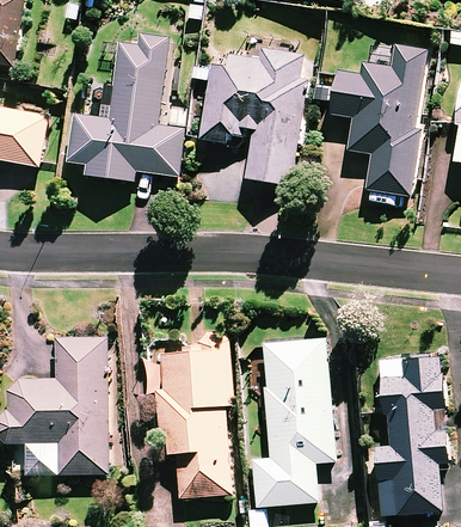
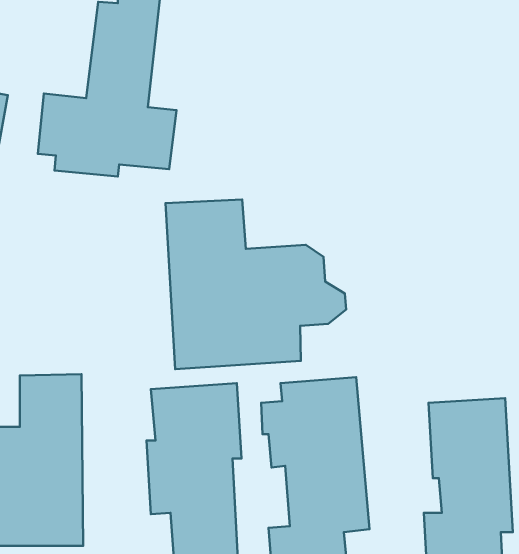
building: [332,47,425,195] -> none
building: [203,50,305,185] -> none
building: none -> [165,199,346,369]

